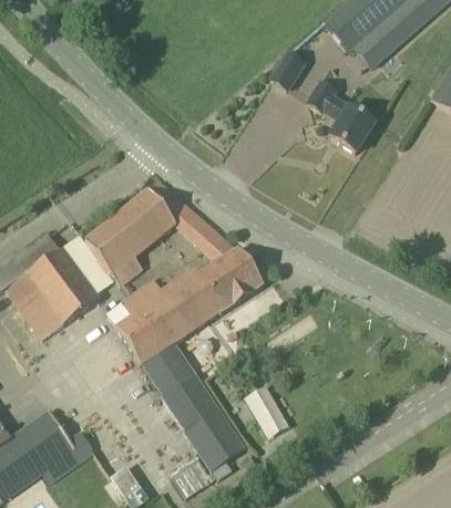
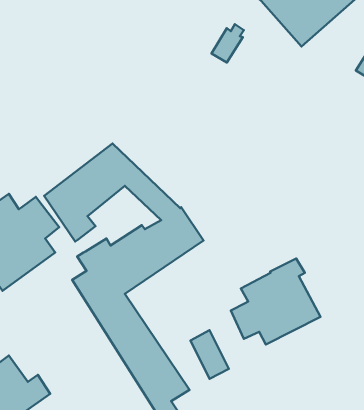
building: [307,80,376,153] -> none
building: none -> [231,258,321,344]

